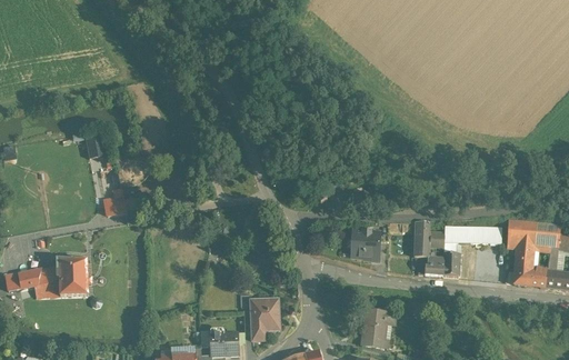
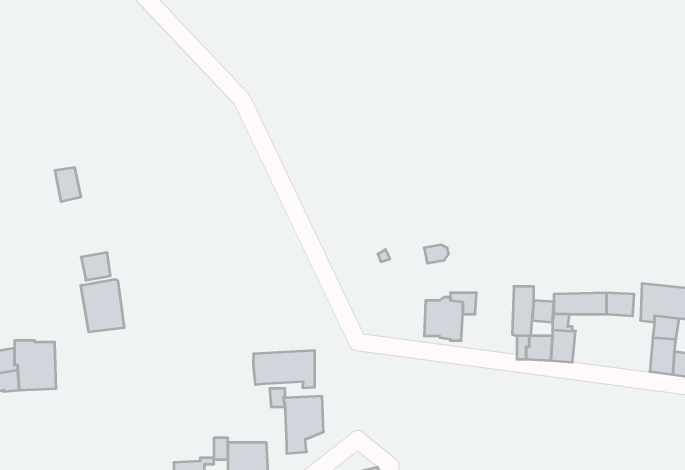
building: none -> [81,279,124,332]
building: none -> [253,350,315,388]
building: [361,308,396,347] -> none

